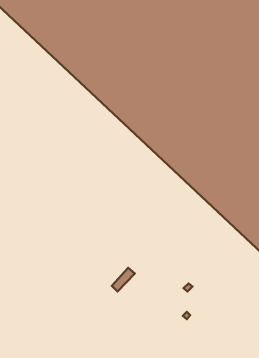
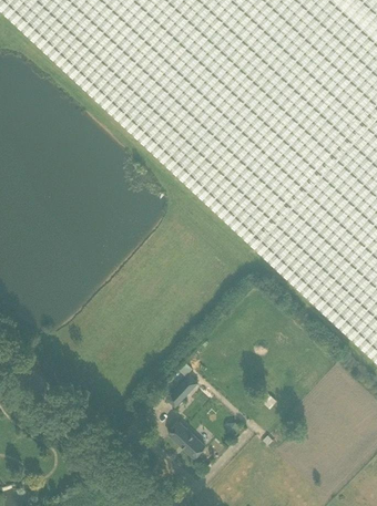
building: none -> [170,422,206,457]

